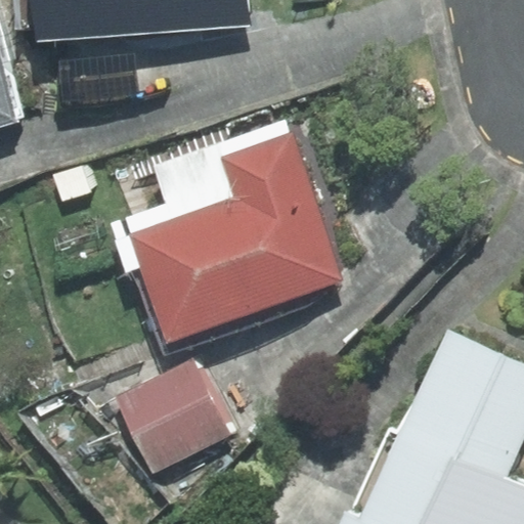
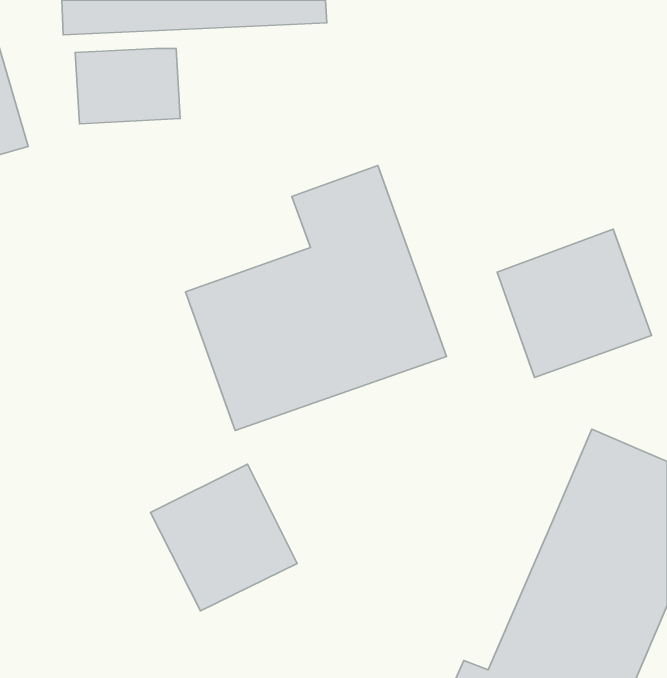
building: none -> [497,229,651,377]

